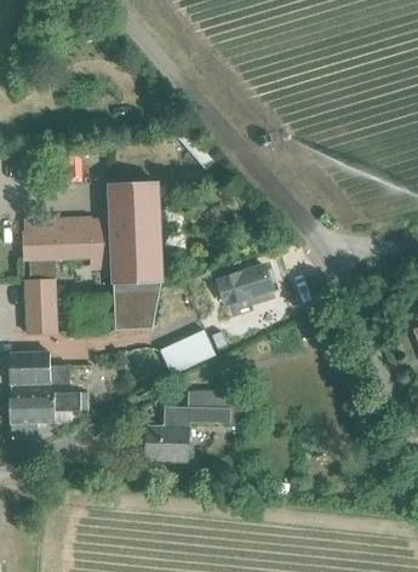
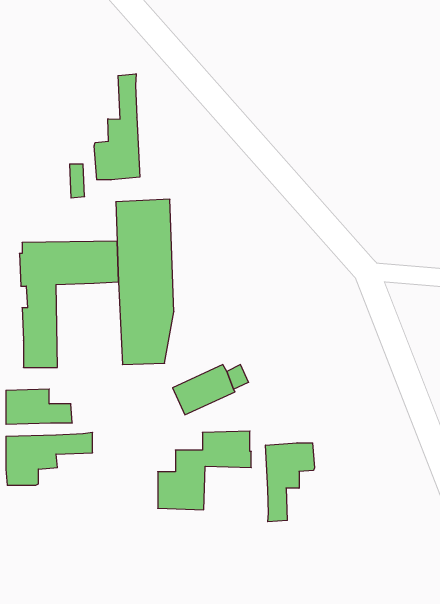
building: none -> [94,74,140,180]
building: [218,265,273,307] -> none
building: none -> [266,443,315,522]

